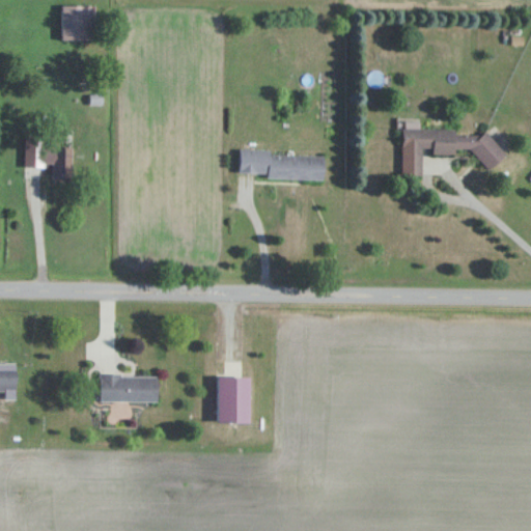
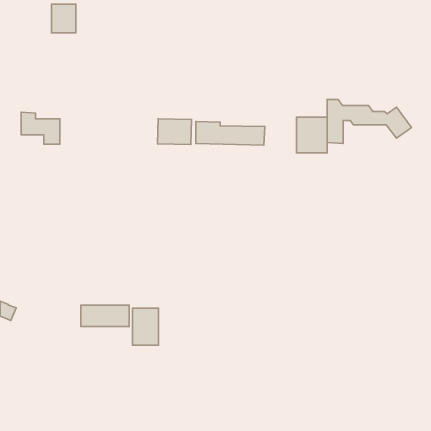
building: none -> [297,117,327,153]
building: none -> [158,119,191,145]
building: [219,378,251,423] -> [132,308,158,345]

